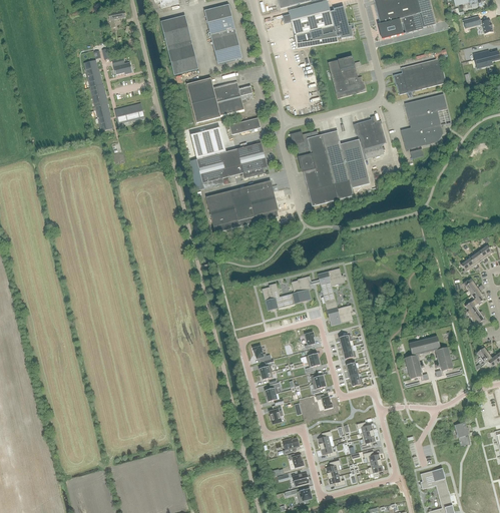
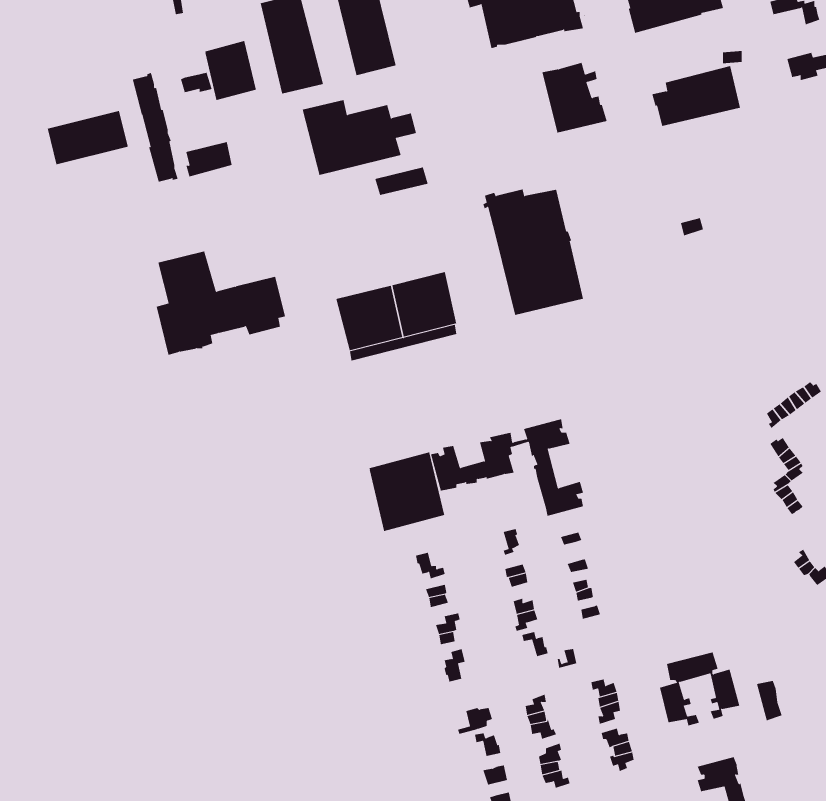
building: none -> [204,40,256,101]
building: none -> [47,110,128,165]
building: [402,93,447,149] -> none
building: [340,115,386,187] -> none
building: [189,127,267,189] -> [156,251,286,355]
building: none -> [368,452,445,532]
building: [405,336,453,380] -> [659,652,740,726]

